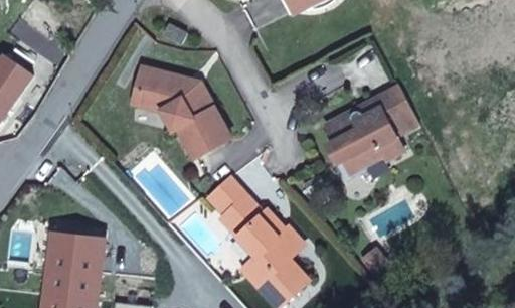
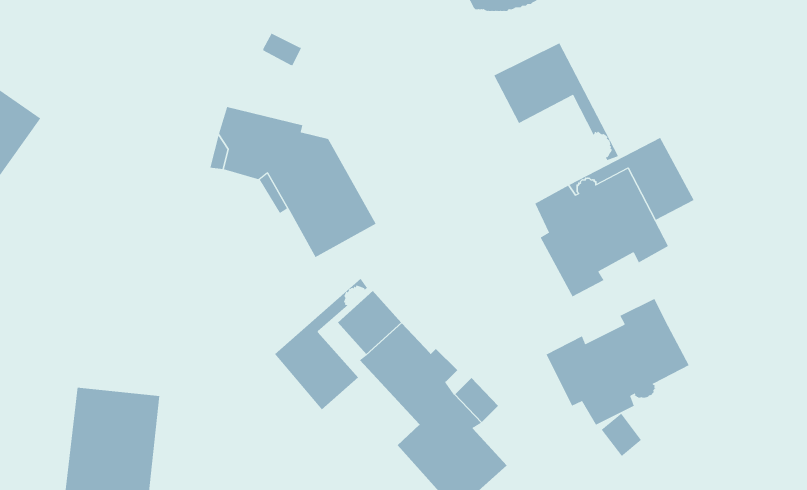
building: none -> [494,43,619,161]
building: none -> [274,278,368,410]
building: none -> [546,298,690,426]

